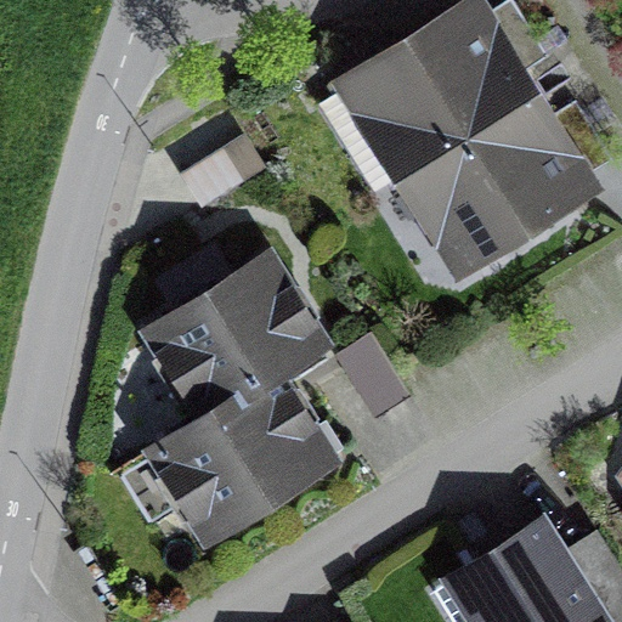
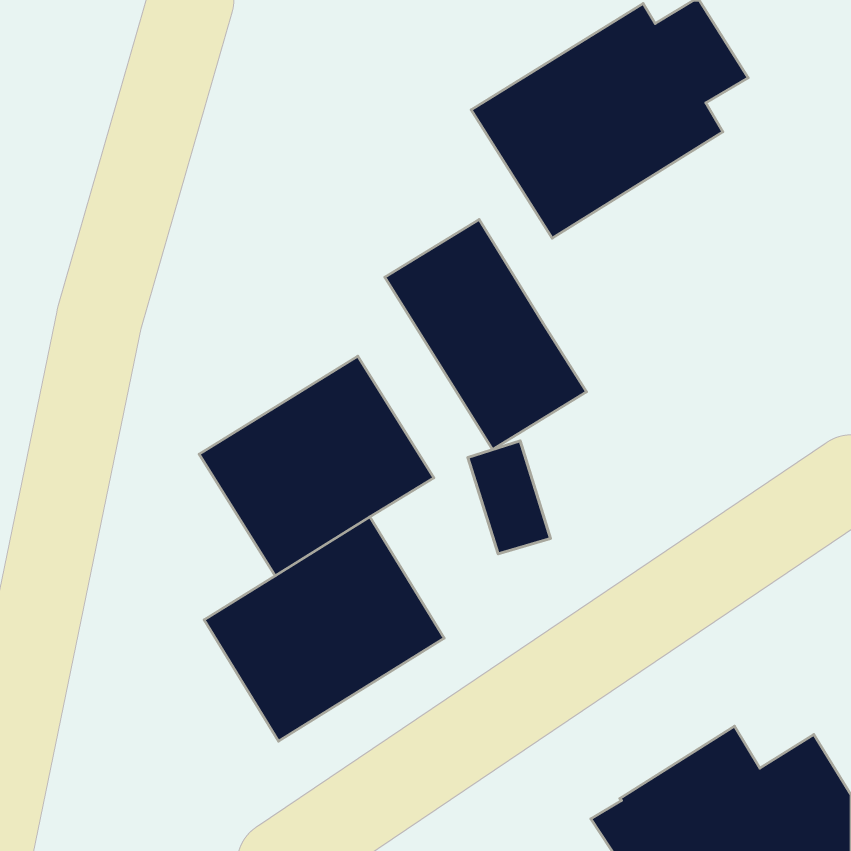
building: [397,103,603,273] -> none
building: none -> [385,220,587,450]

